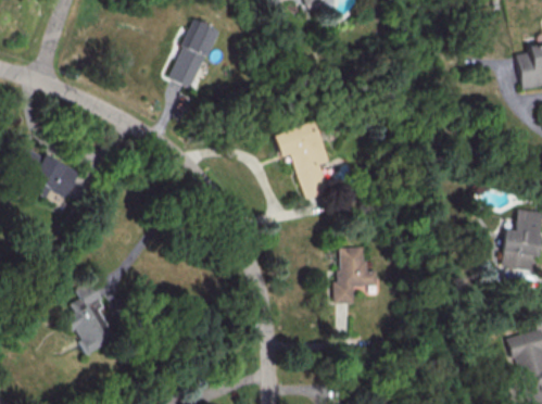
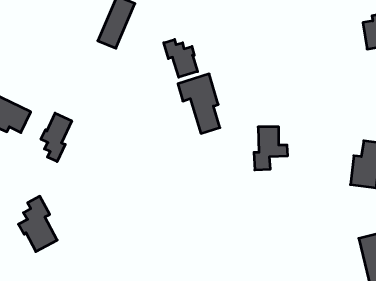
building: none -> [164,39,198,77]
building: none -> [41,113,72,162]
building: [333,247,378,303] -> [254,127,288,170]

